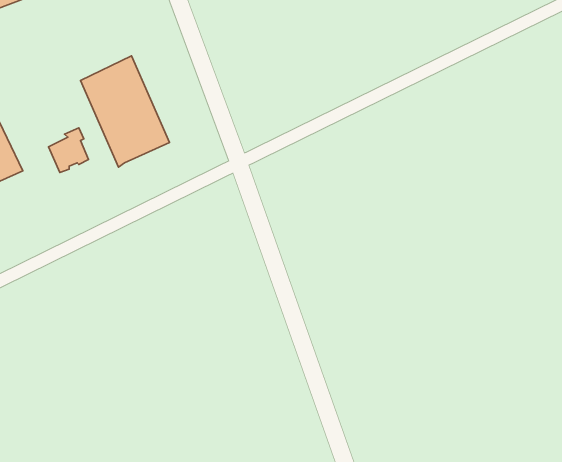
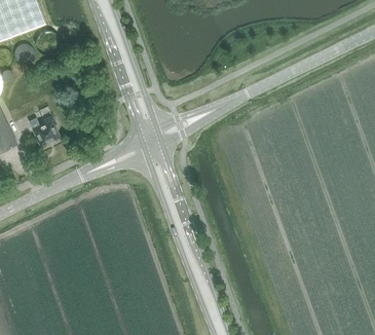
building: [81,56,169,167] -> none

